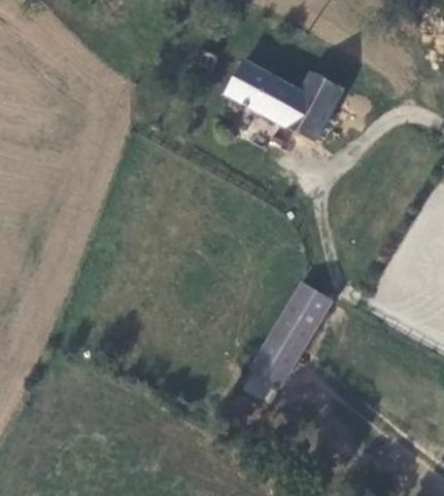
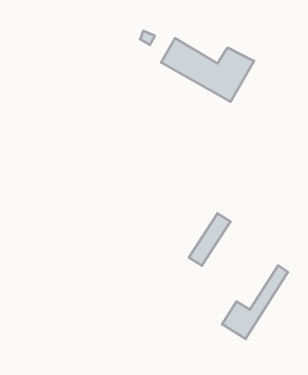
building: [247,293,331,386] -> [222,266,288,339]

